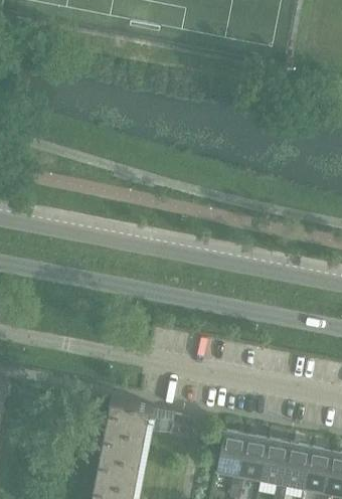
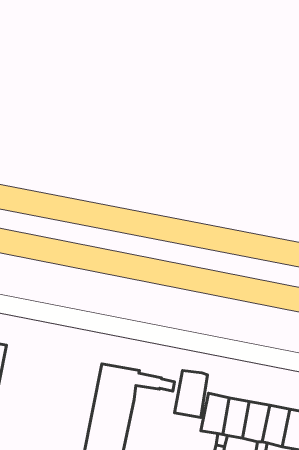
building: none -> [175,371,208,418]

